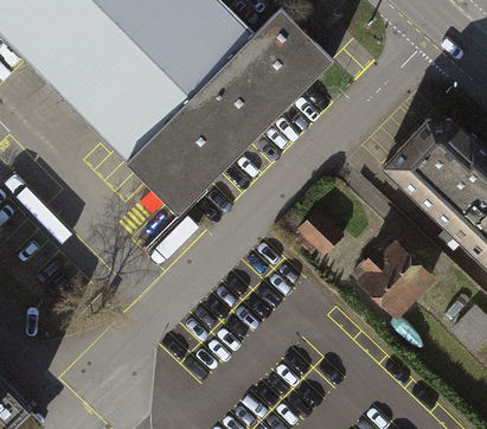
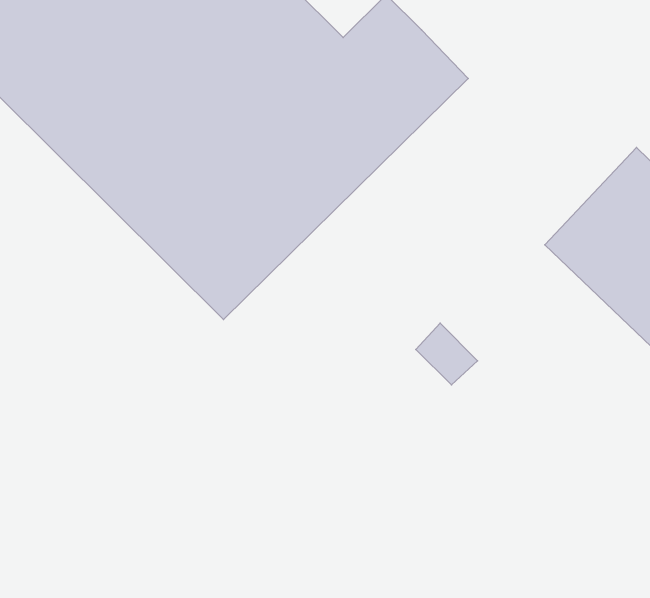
building: [360,242,431,313] -> none

